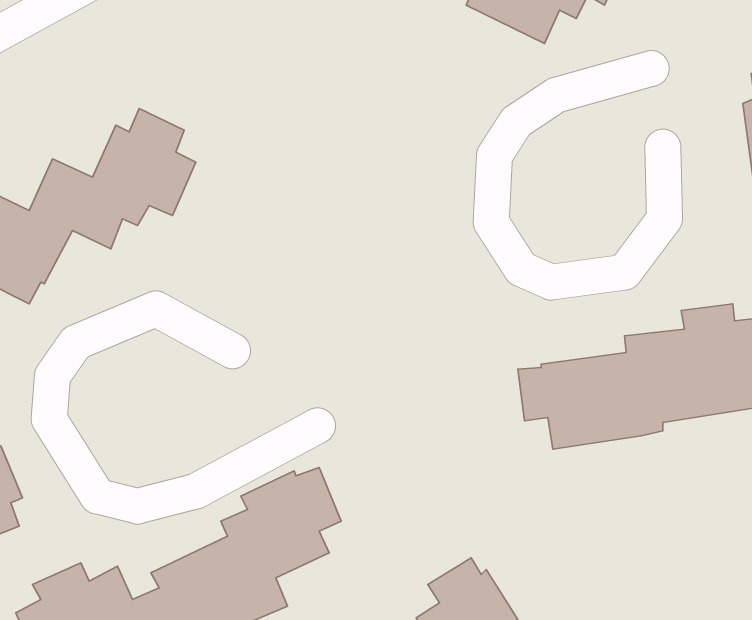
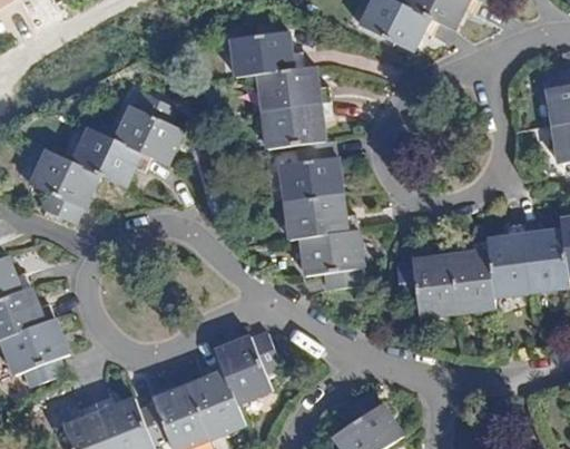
building: none -> [230,31,363,286]

